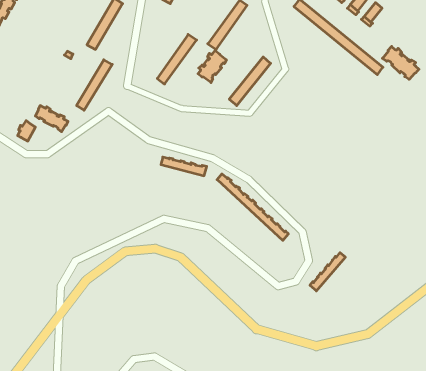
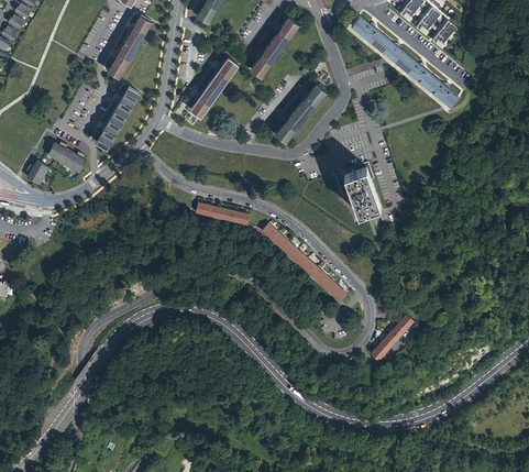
building: [382,46,419,79] -> none
building: [198,51,226,83] -> none
building: none -> [340,161,379,213]

